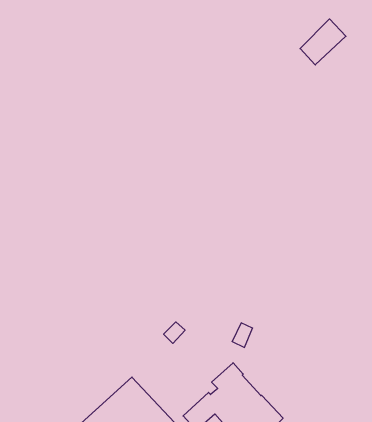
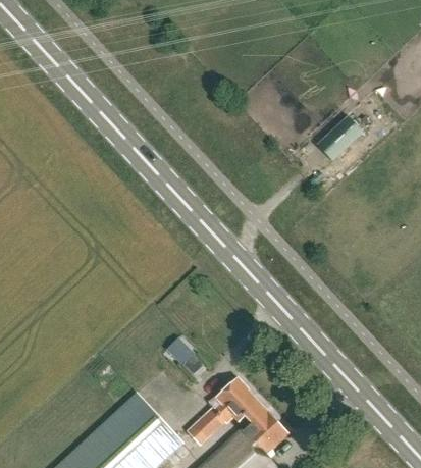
building: [300,19,346,65] -> [317,115,363,161]

